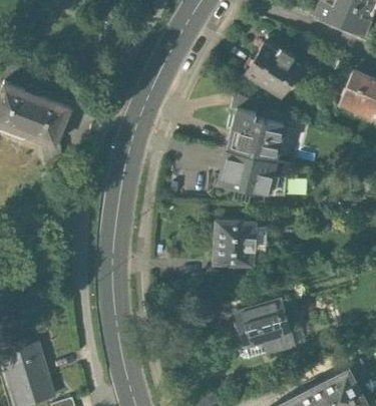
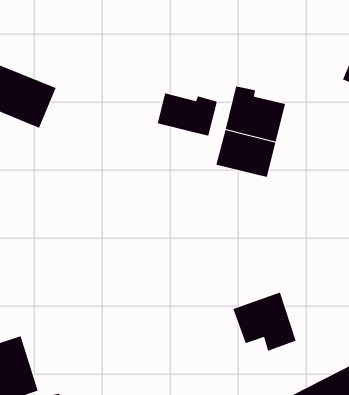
building: [245,40,305,98] -> none
building: none -> [157,92,218,137]
building: [213,221,257,268] -> none

